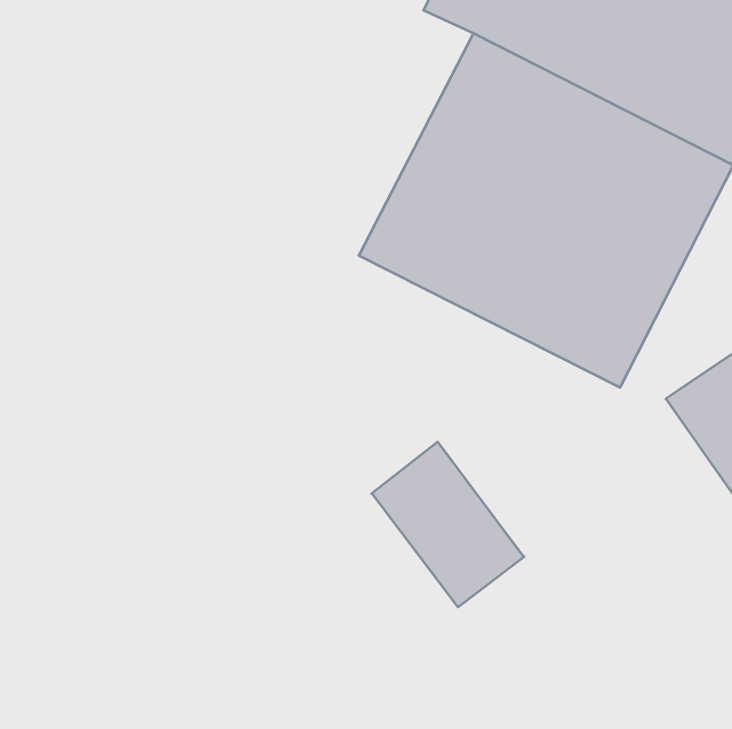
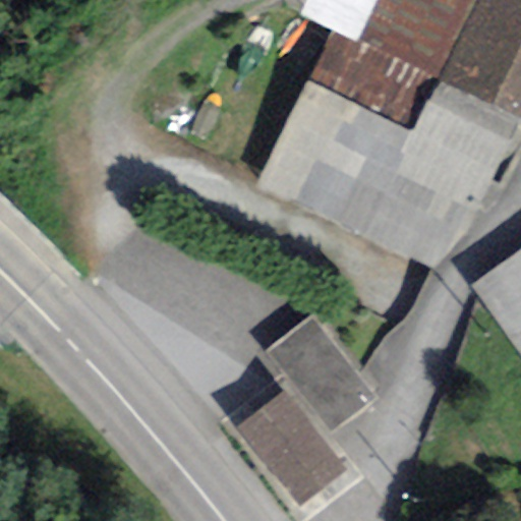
building: none -> [236,391,344,505]

